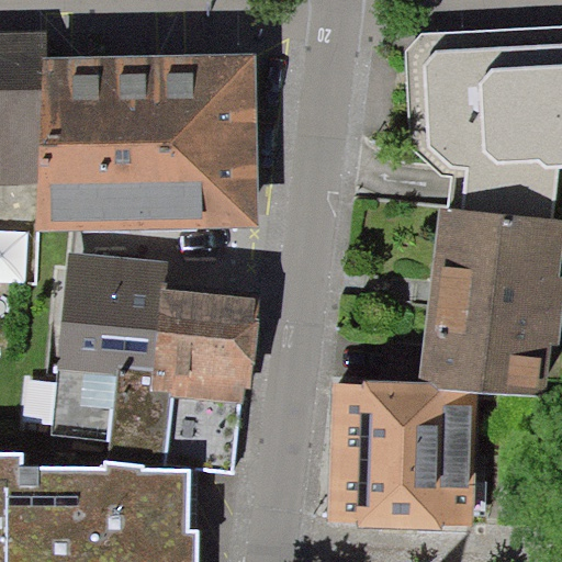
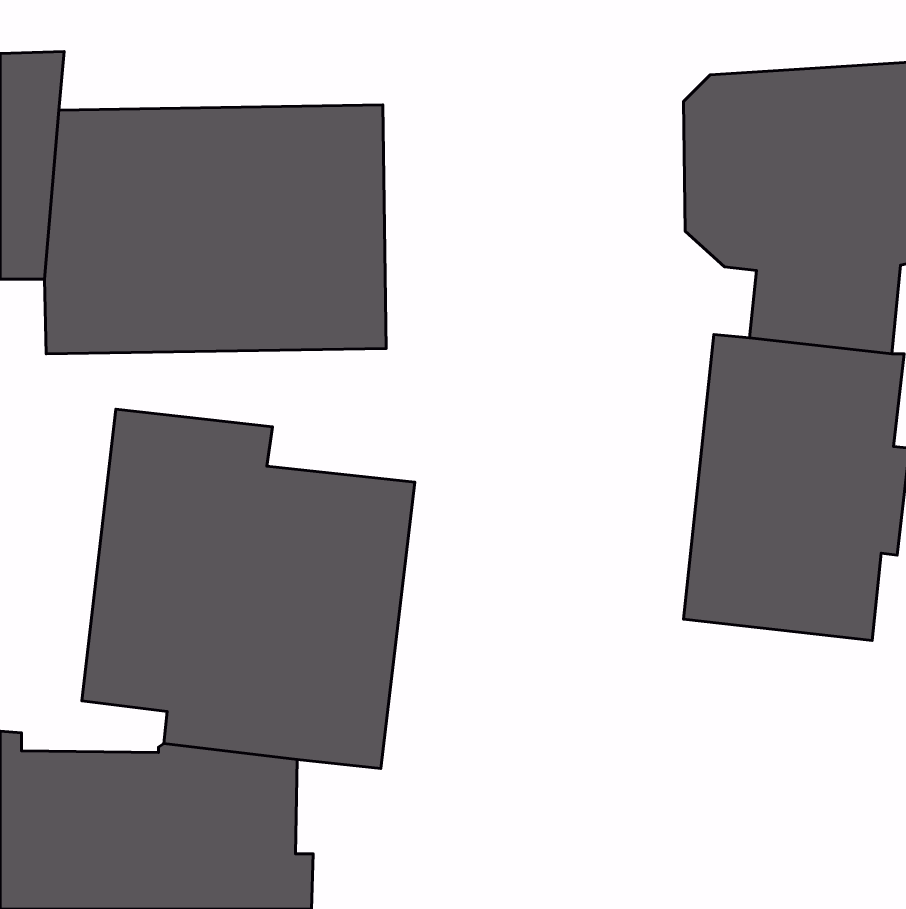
building: [330,384,468,520] -> none

